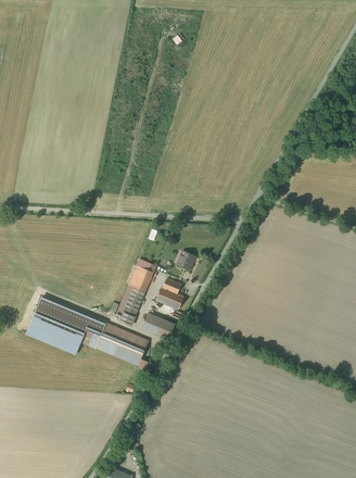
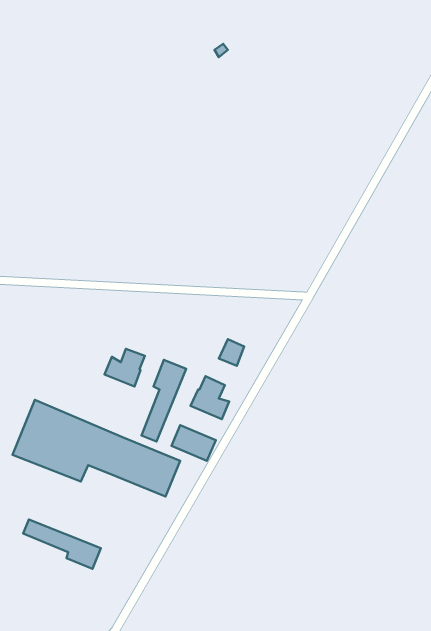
building: none -> [104,349,145,387]
building: none -> [23,520,101,569]

